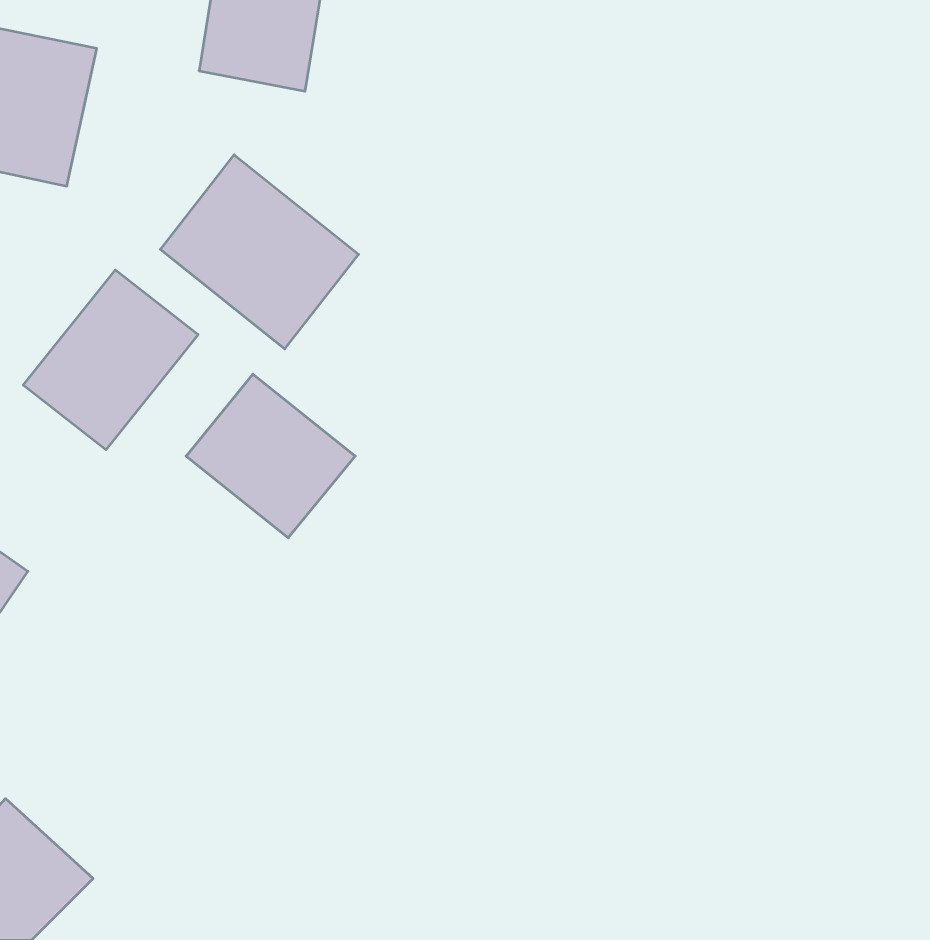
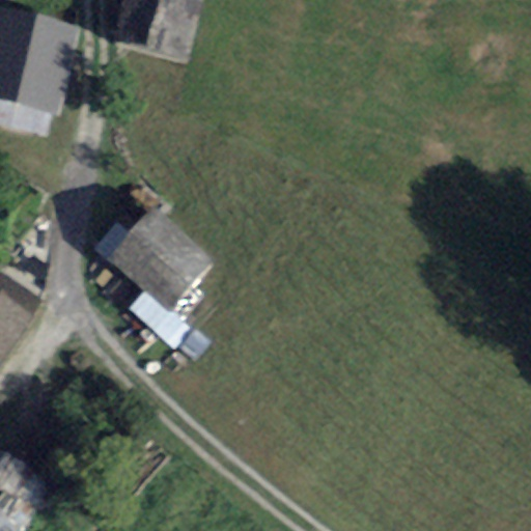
building: [160,155,359,349] -> none
building: [23,270,198,450] -> none

